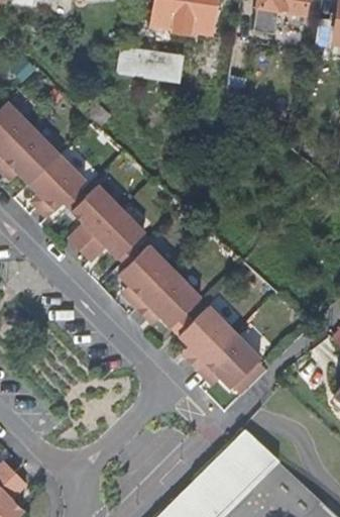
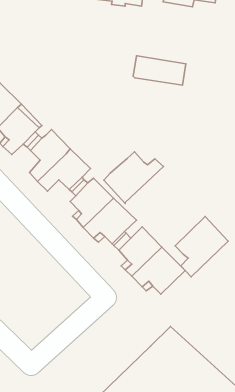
building: [116,45,182,82] -> [133,56,186,85]
building: none -> [104,152,163,204]
building: none -> [175,217,228,277]

